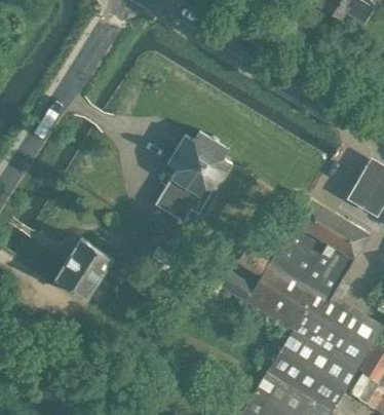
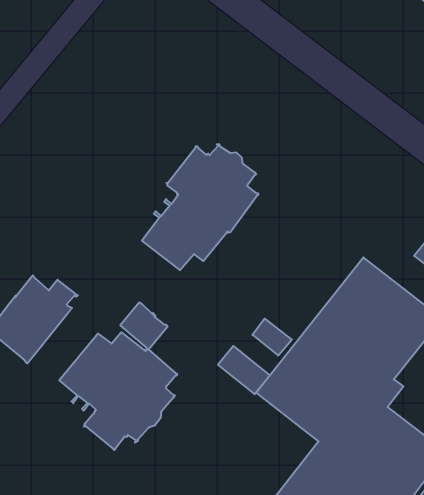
building: none -> [59,332,177,450]

